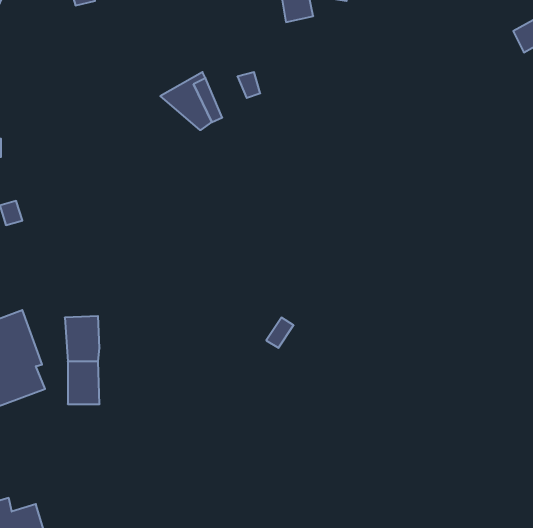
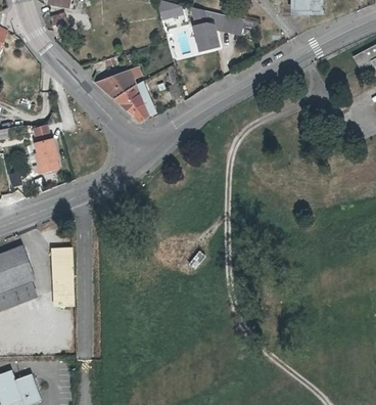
building: none -> [96,65,143,99]
building: none -> [32,125,58,174]

